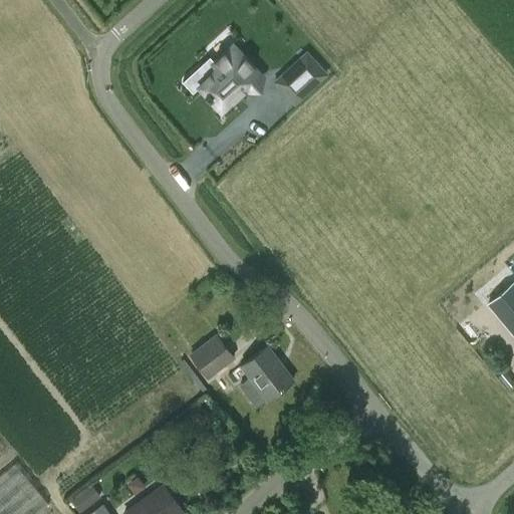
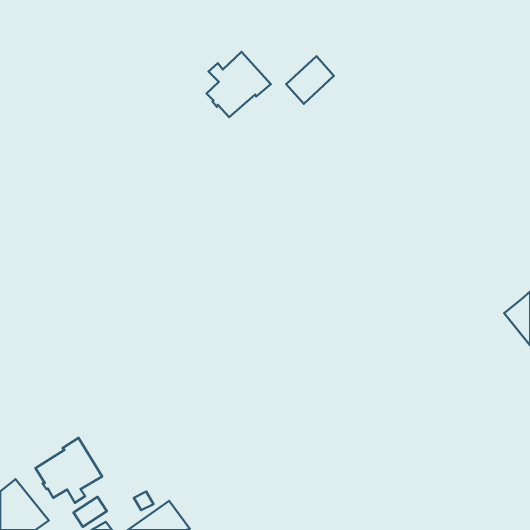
building: [189,334,235,379] -> none
building: [240,346,293,408] -> none
building: none -> [36,438,102,503]

